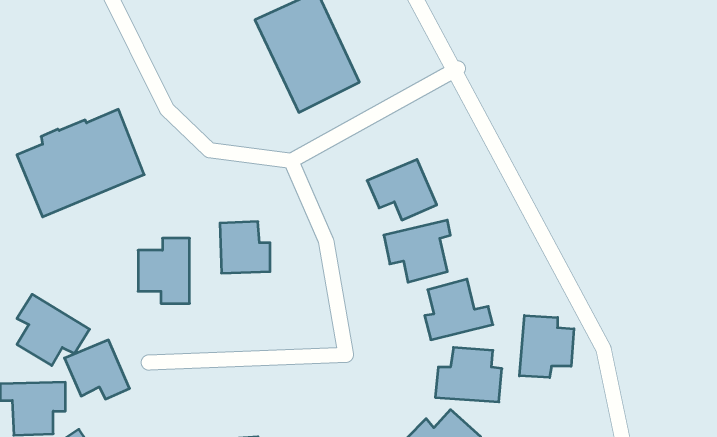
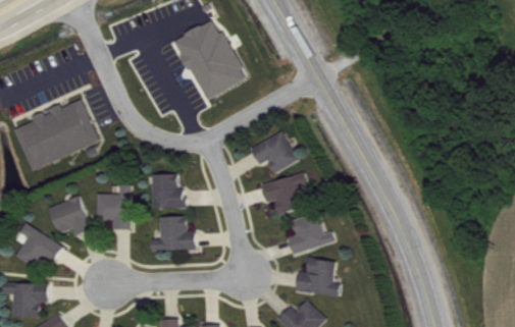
building: none -> [151,217,195,251]
building: [519,315,574,378] -> none
building: [64,340,130,399] -> [48,197,92,236]

